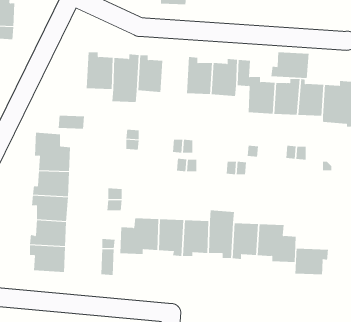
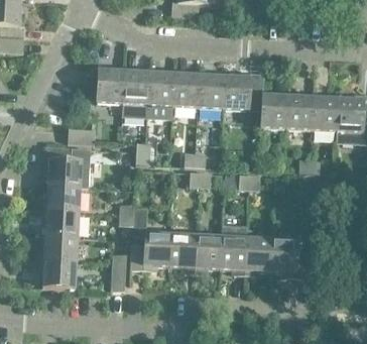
building: [271,52,309,79] -> none
building: none -> [173,70,201,107]
building: [295,248,328,275] -> none

